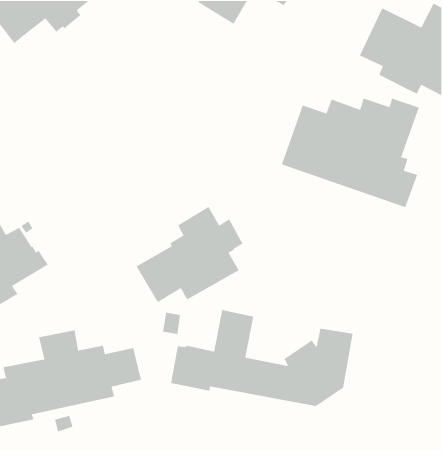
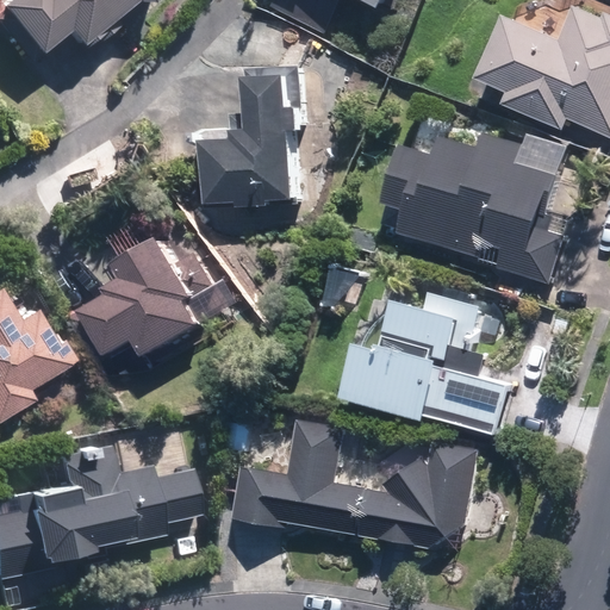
building: none -> [204,67,309,207]
building: [135,206,244,303] -> [66,236,211,367]
building: none -> [350,292,508,435]

